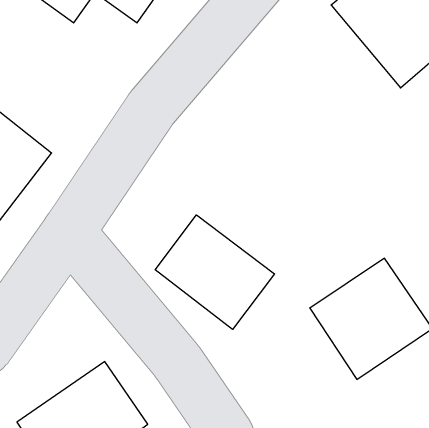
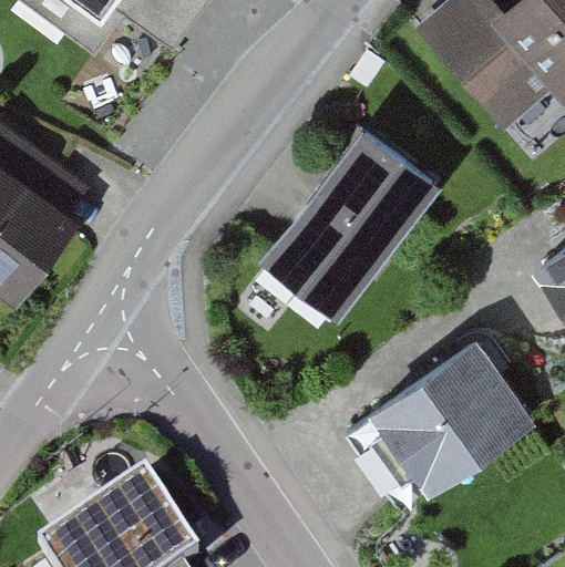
building: none -> [251,120,428,308]
building: [155,215,275,329] -> none

